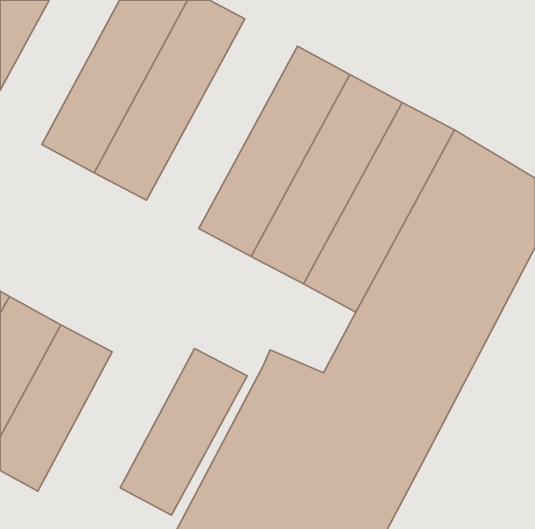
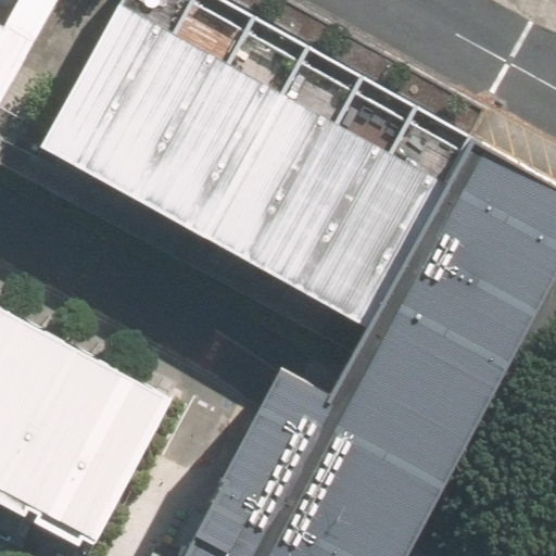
building: none -> [152,26,308,243]
building: [120,349,247,515] -> [39,371,170,544]

